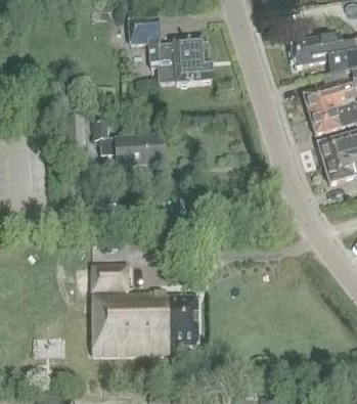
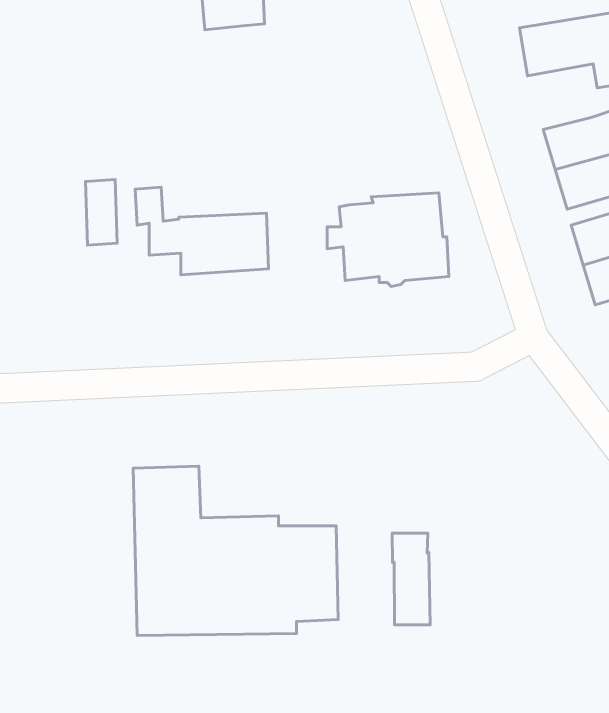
building: [149,36,212,84] -> [327,193,449,287]
building: none -> [392,533,430,625]

